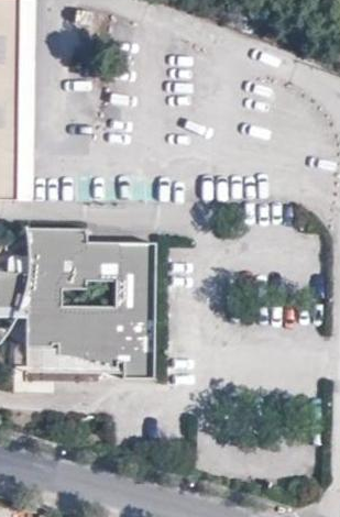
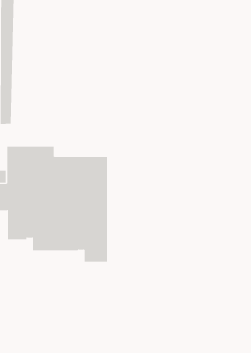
building: [25,343,123,374] -> none

